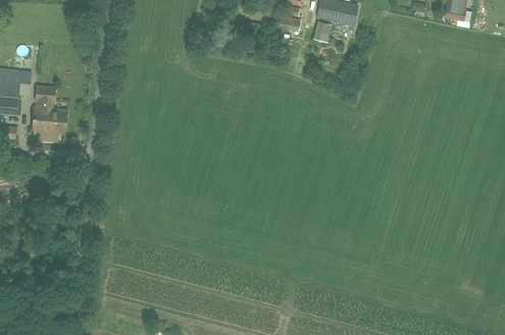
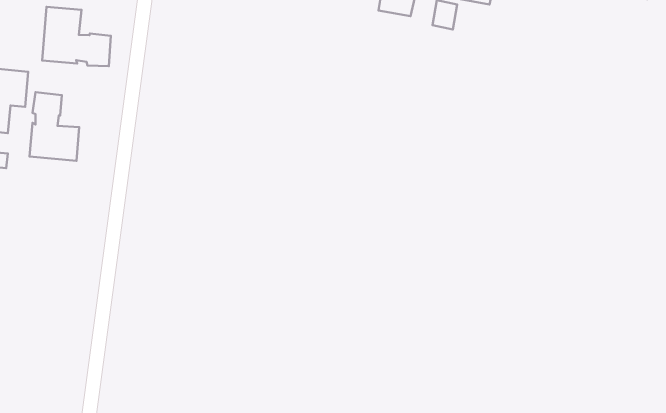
building: none -> [42,7,111,66]

